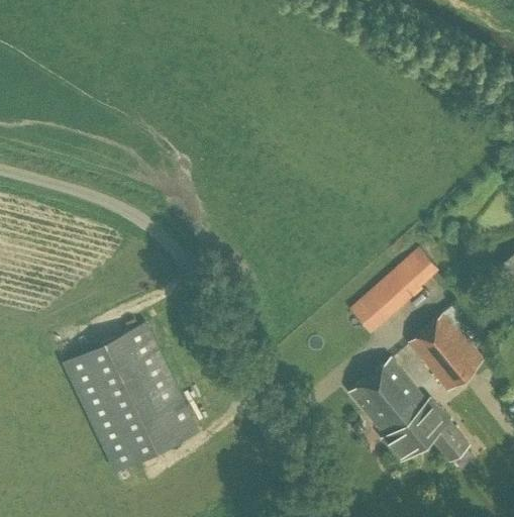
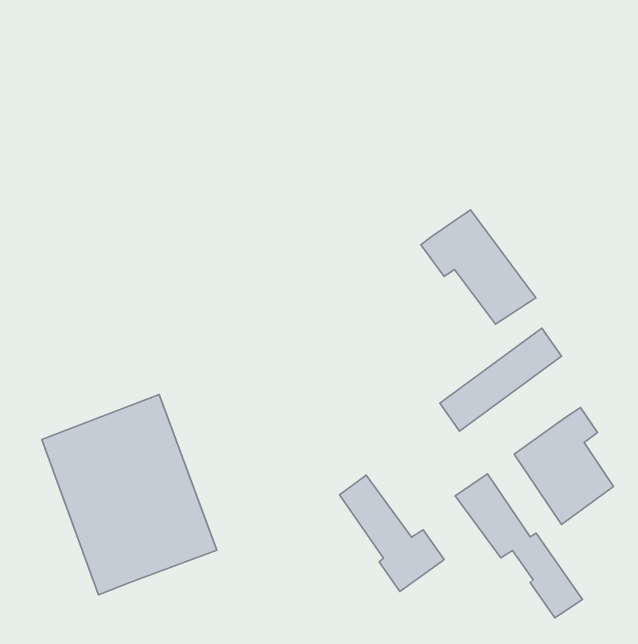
building: none -> [421,210,536,324]
building: [351,378,432,460] -> [340,475,444,591]

